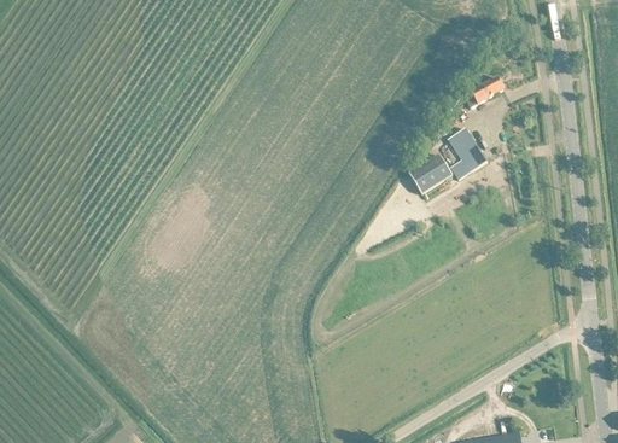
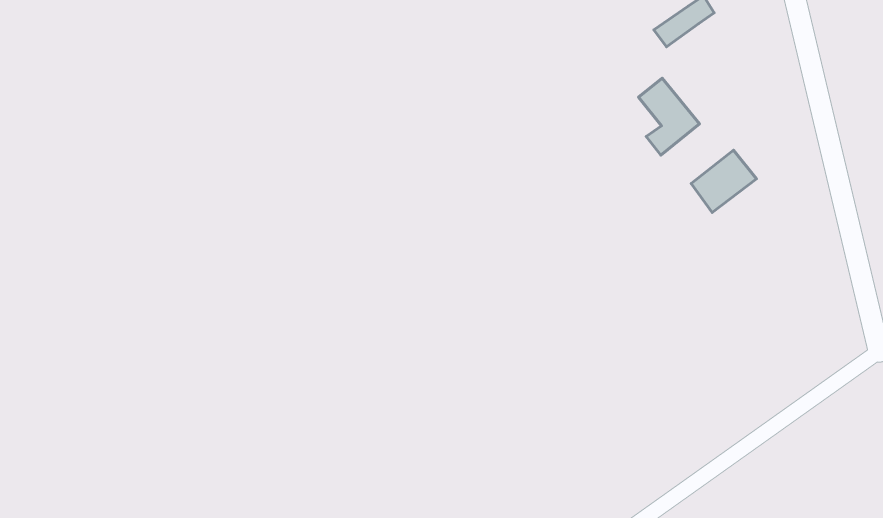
building: [409,153,453,193] -> [691,150,756,212]

